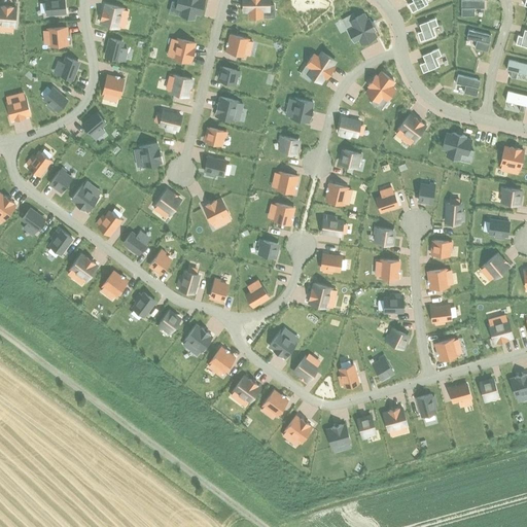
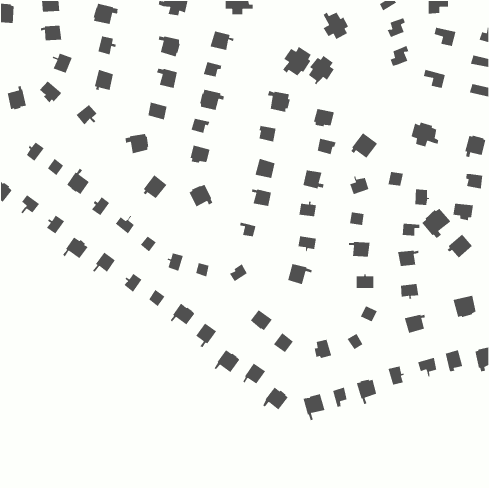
building: [365,72,394,105] -> [308,55,335,86]
building: [395,113,425,142] -> [350,132,378,159]
building: none -> [421,208,451,239]

